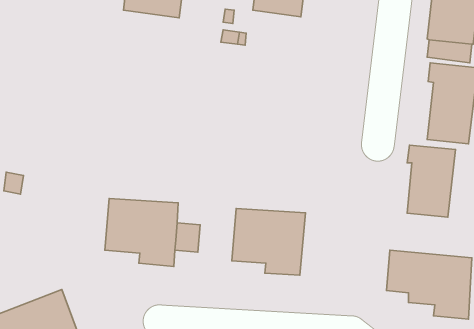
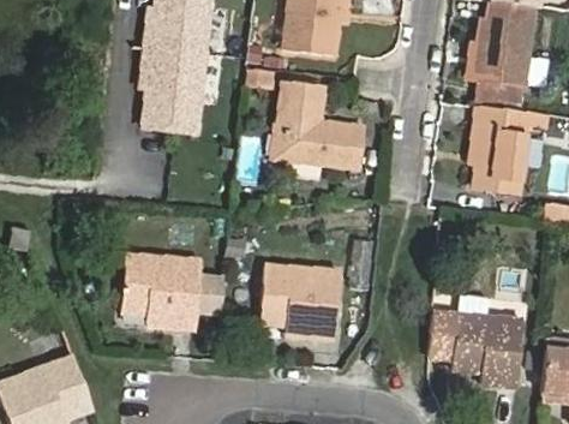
building: none -> [137,48,202,135]
building: none -> [274,80,365,168]
building: [407,145,456,217] -> none

